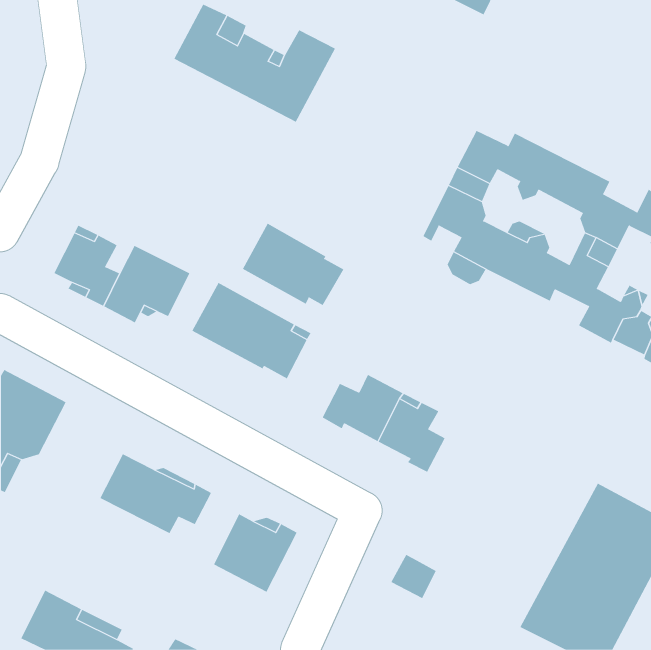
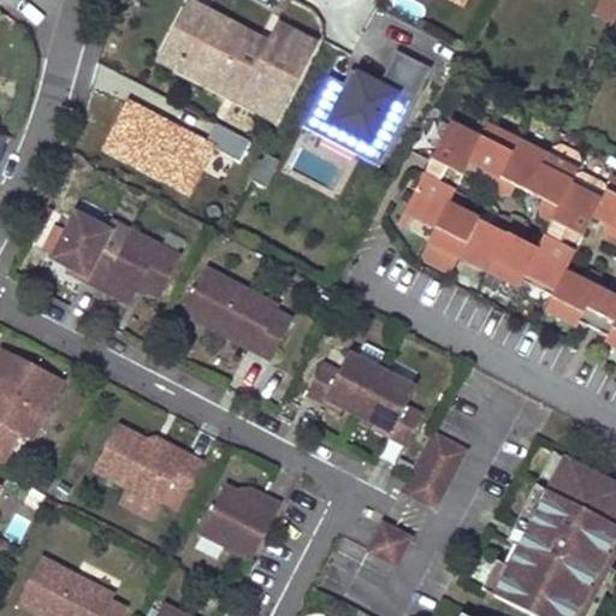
building: none -> [310,51,431,166]
building: none -> [99,99,251,199]
building: [242,223,344,306] -> none
building: none -> [402,431,458,503]

